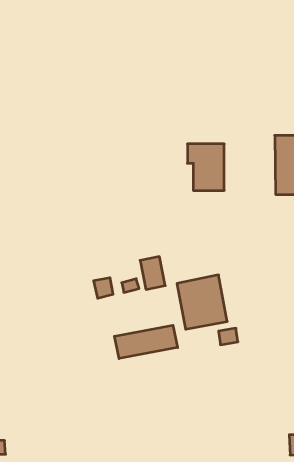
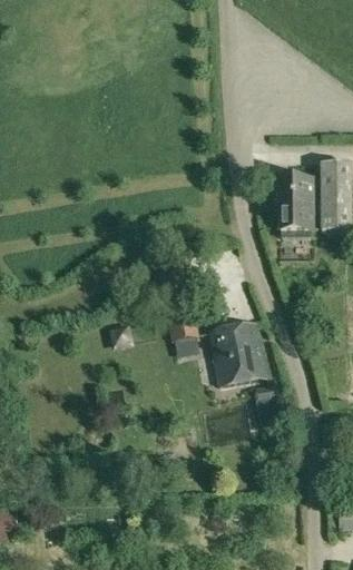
building: [187,144,224,190] -> [273,178,315,232]
building: [114,325,178,359] -> none

